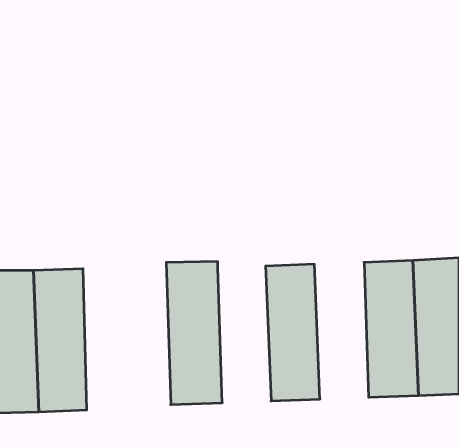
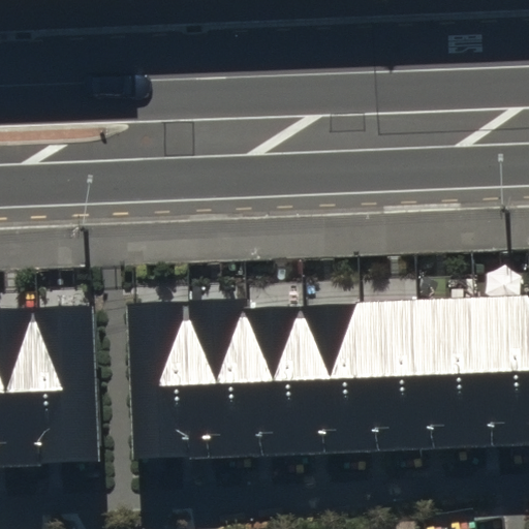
building: none -> [134,300,195,464]
building: none -> [360,300,422,456]
building: none -> [249,304,310,460]

